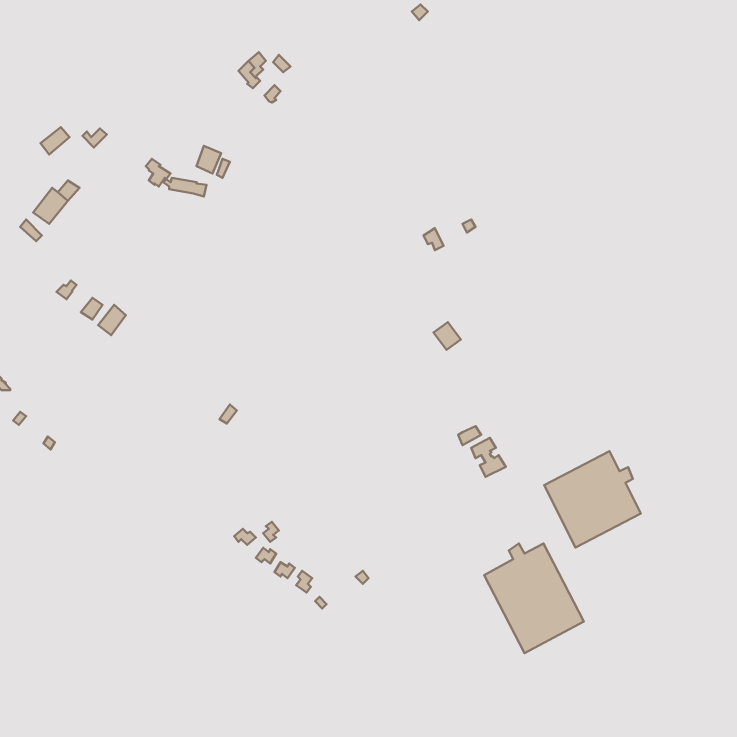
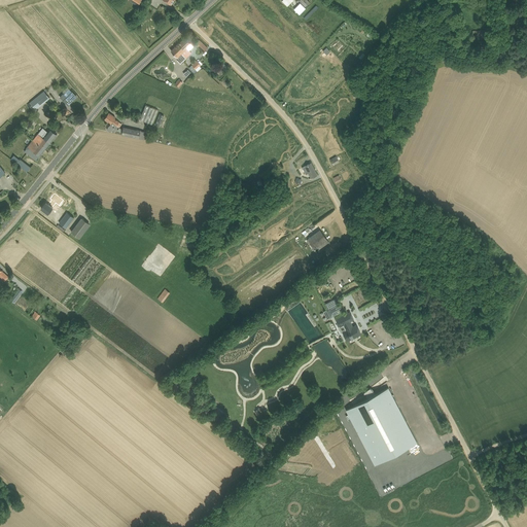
building: [544,451,641,547] -> none

